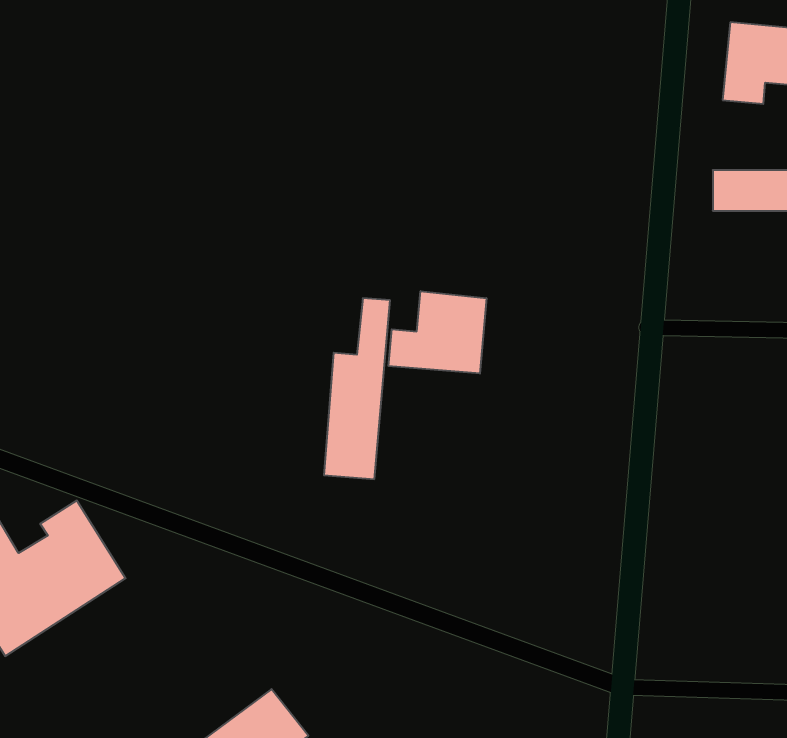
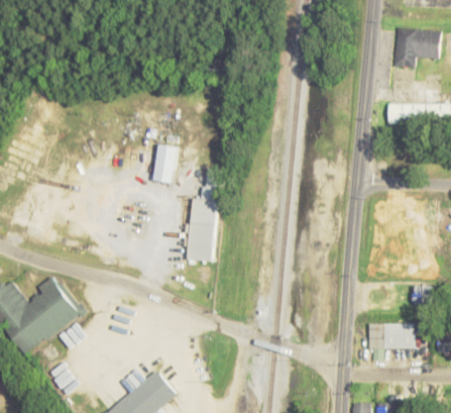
building: none -> [153,144,179,184]
building: [389,291,486,374] -> none
building: none -> [368,323,414,360]

